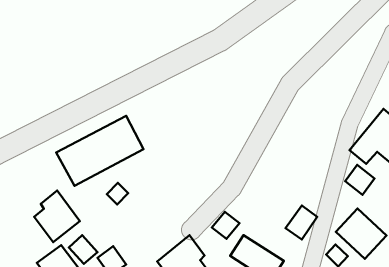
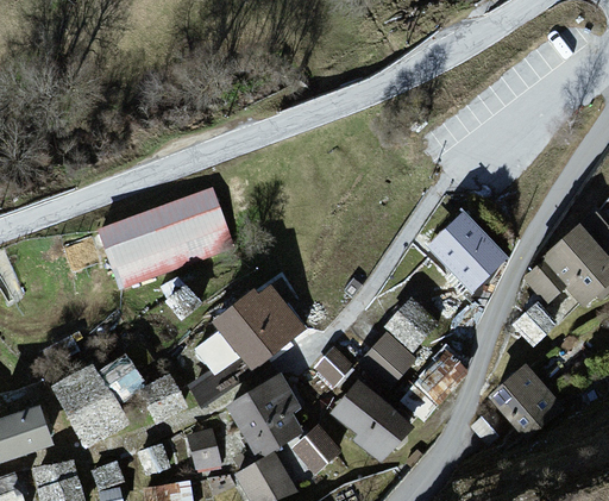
building: none -> [431,212,507,288]
building: none -> [387,300,433,346]
building: none -> [190,287,302,405]
building: [34,190,80,242] -> none
building: none -> [363,334,413,384]

